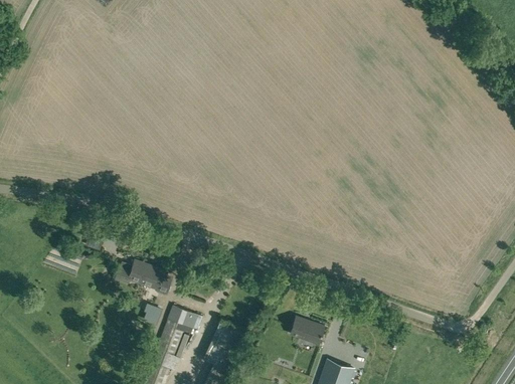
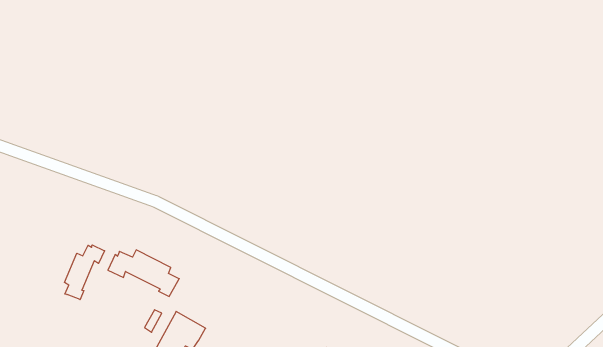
building: none -> [64,245,105,300]

